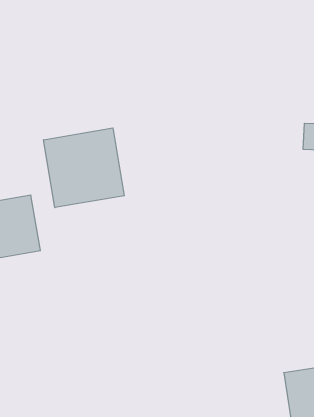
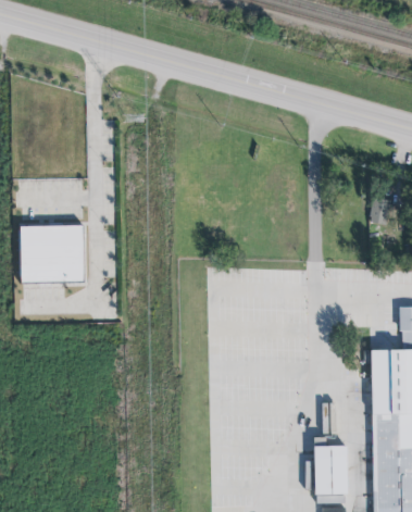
building: [44,128,124,208] -> none

